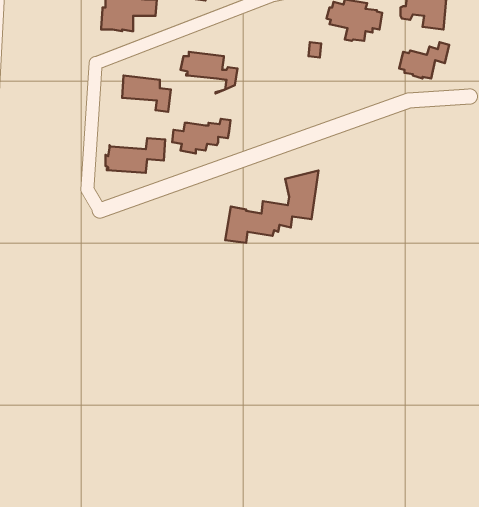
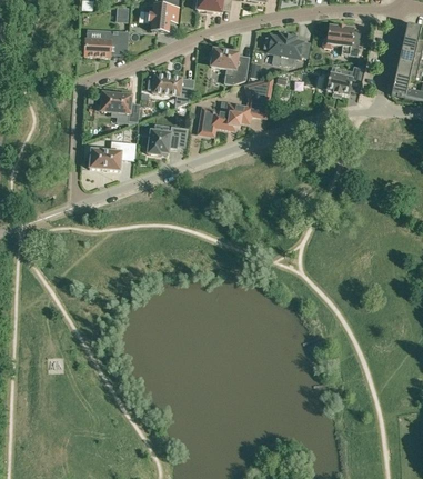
building: none -> [209,48,248,83]
building: [225,170,319,243] -> [198,78,272,136]

